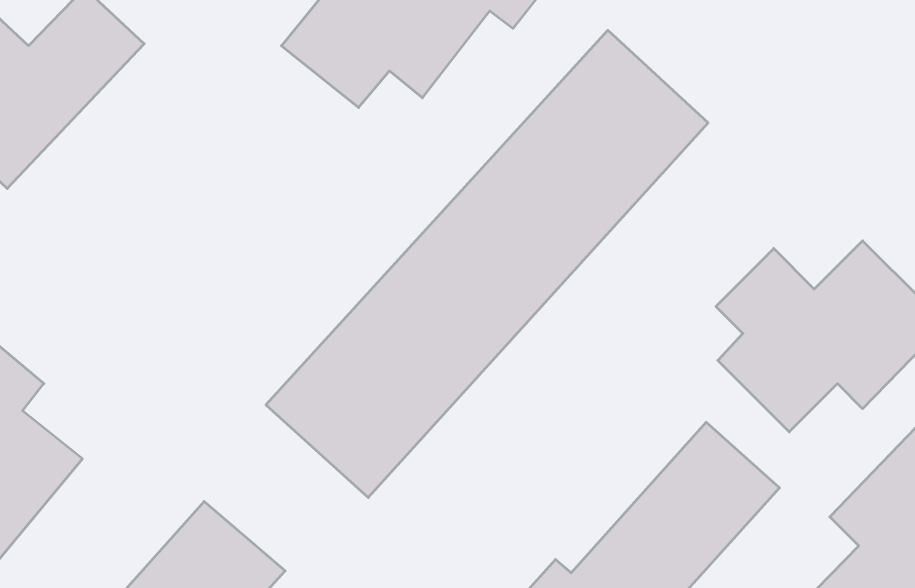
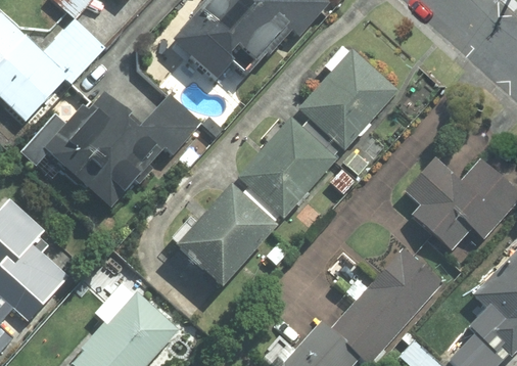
building: none -> [46,91,203,207]

